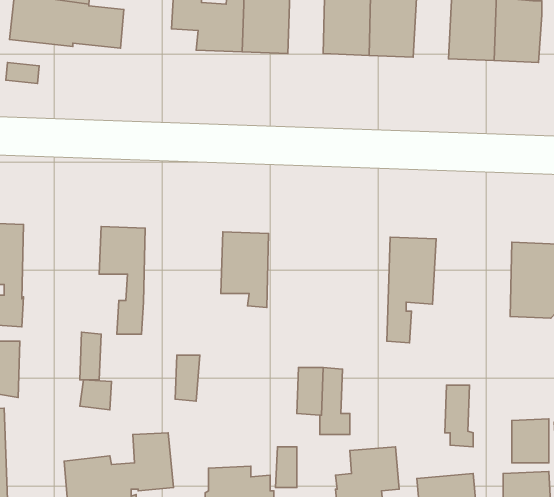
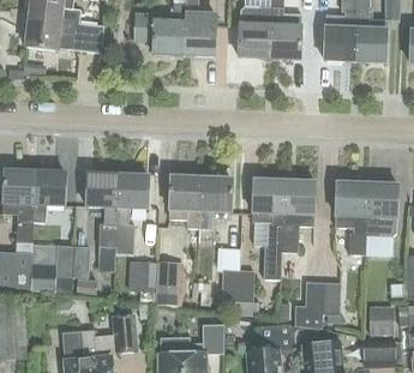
building: none -> [34,172,66,222]
building: none -> [115,174,149,253]
building: none -> [200,178,233,228]
building: none -> [252,179,284,278]
building: none -> [335,182,367,253]
building: none -> [53,245,74,291]
building: none -> [154,259,178,303]
building: none -> [293,281,323,327]

